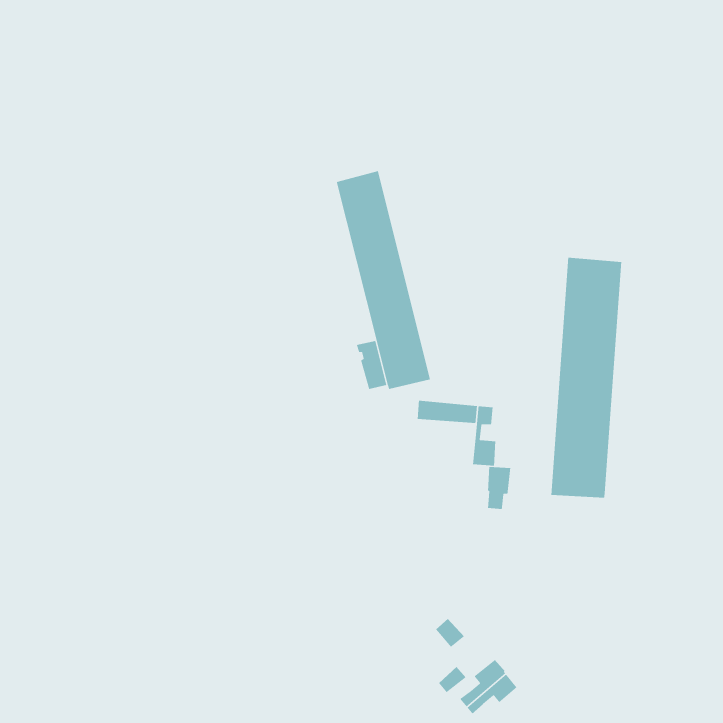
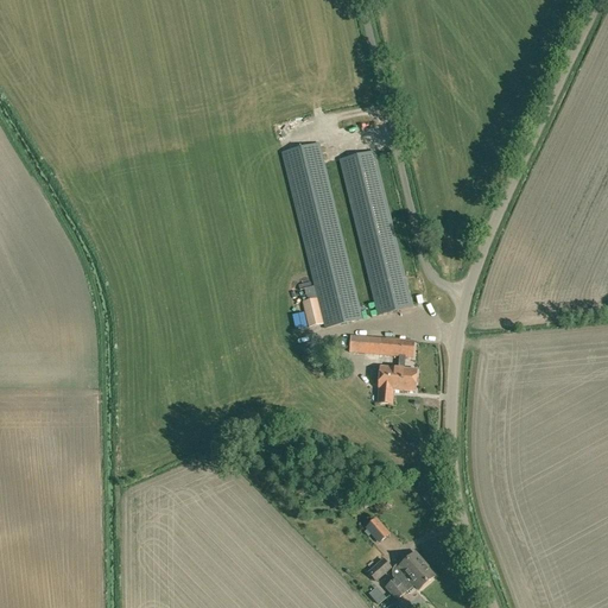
building: none -> [338,151,411,315]
building: [550,257,622,498] -> none
building: [487,466,511,510] -> [378,366,398,403]

